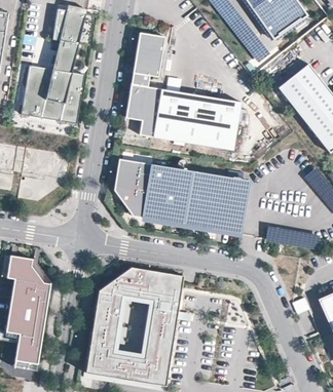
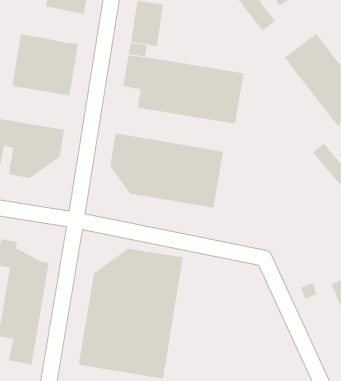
building: [53,39,78,72] -> none
building: [212,174,247,232] -> none
building: [266,226,320,248] -> none

